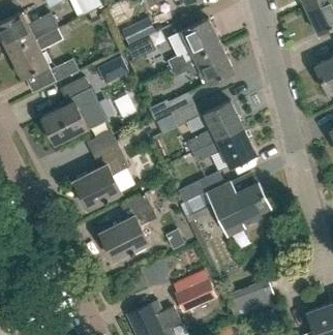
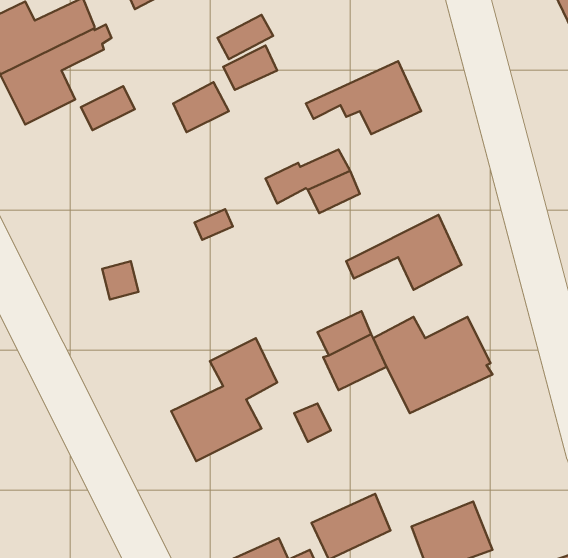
building: [168,19,220,67] -> none
building: [39,77,103,144] -> none
building: [187,101,242,152] -> none
building: [72,143,127,208] -> none

